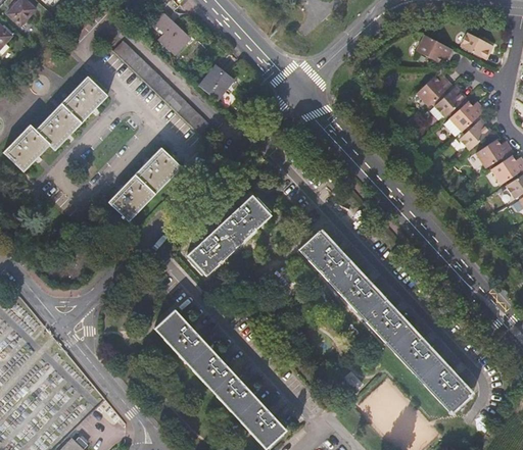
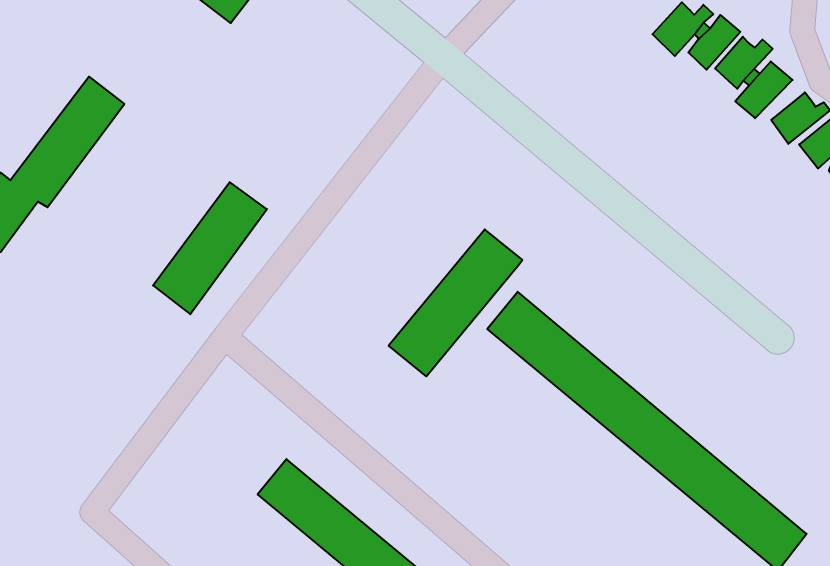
building: [114,39,218,139] -> none
building: [200,67,236,101] -> none
building: [187,195,271,276] -> [389,229,522,376]

